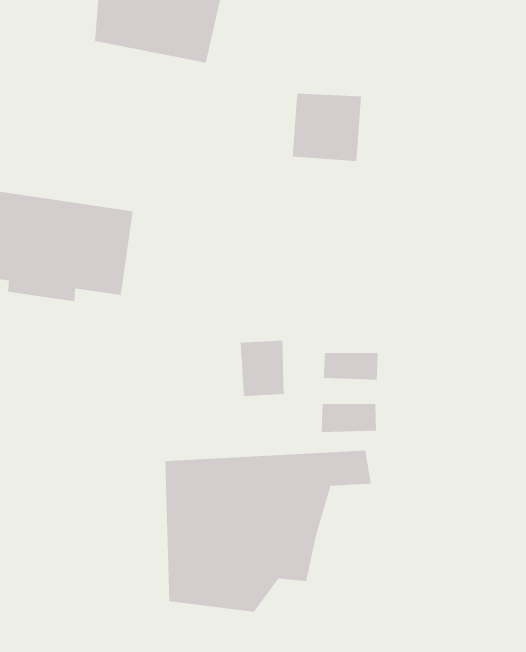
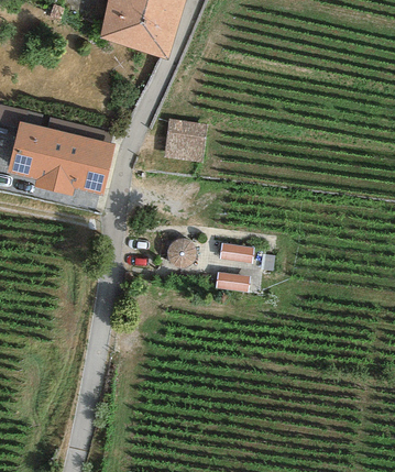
building: [292,93,362,162] -> [160,119,206,164]
building: [165,450,371,612] -> none

